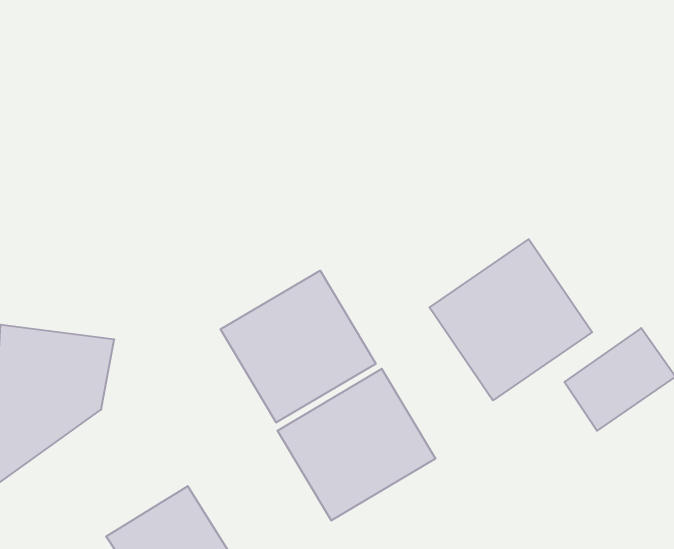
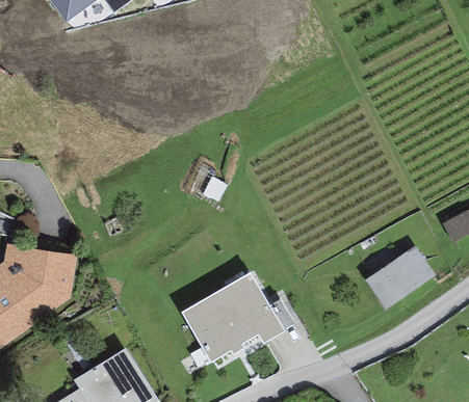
building: [429,239,592,400] -> none
building: [221,271,376,423] -> none

